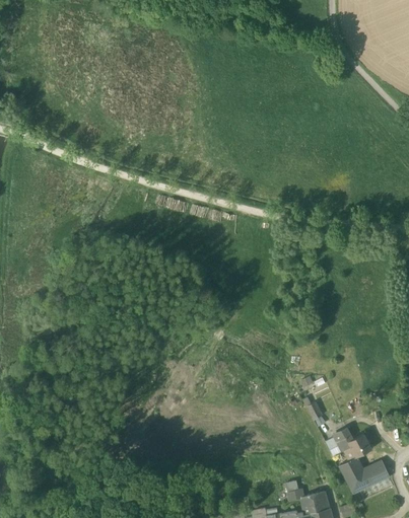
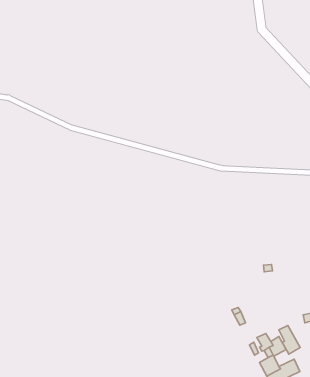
building: none -> [279,325,300,354]

